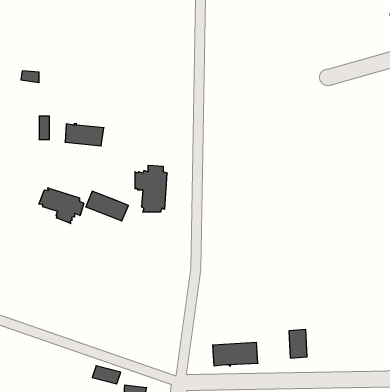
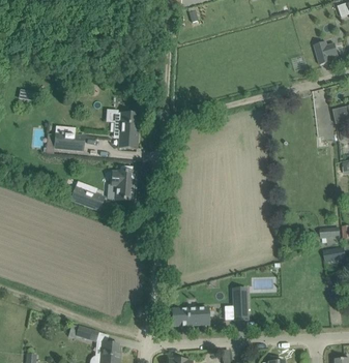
building: none -> [113,110,138,148]
building: [39,188,84,224] -> none

